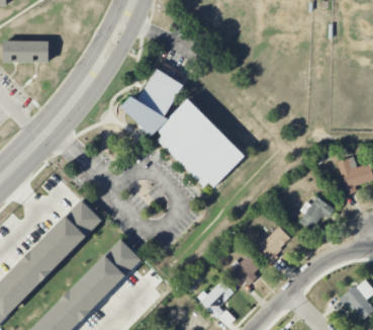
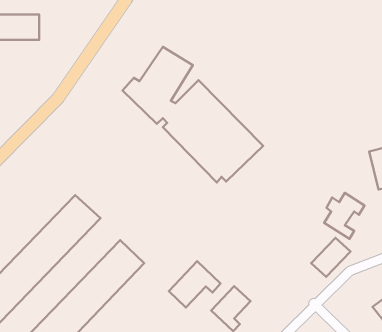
building: [257,227,291,261] -> [311,238,350,277]
building: [228,255,261,290] -> none
building: none -> [169,261,221,308]

